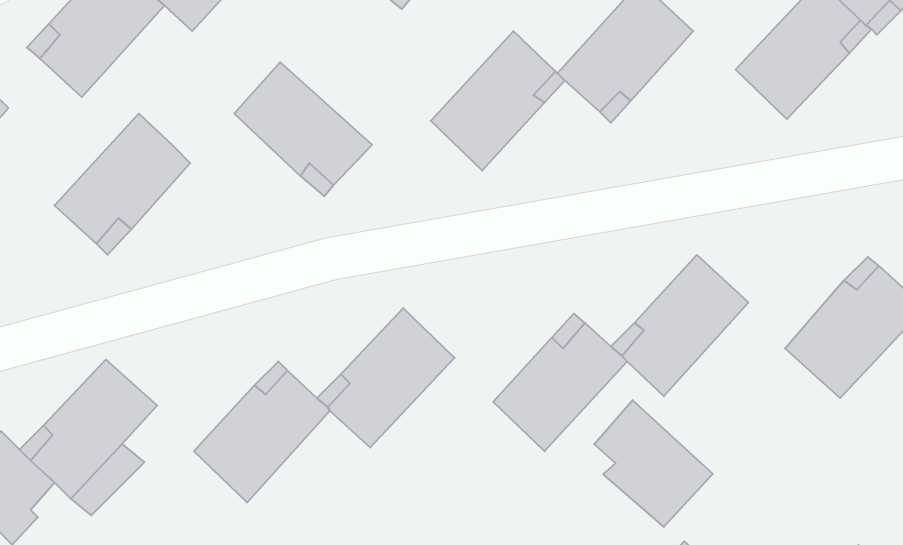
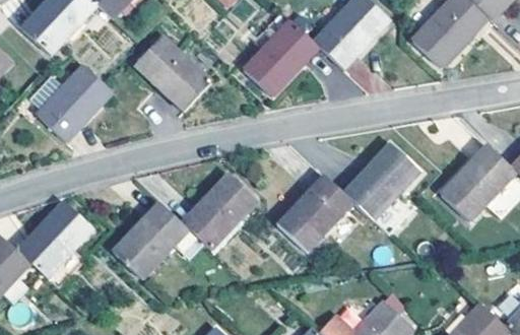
building: [594,400,713,527] -> none

